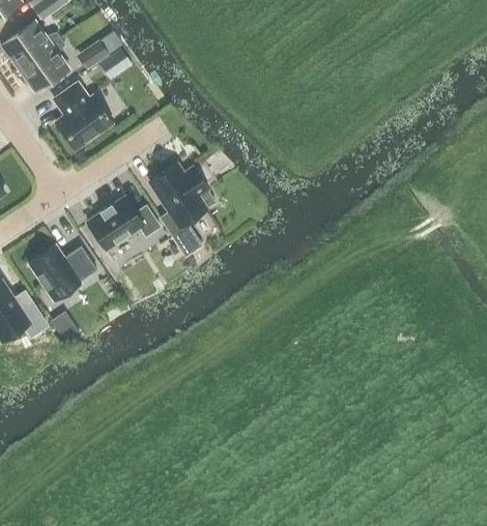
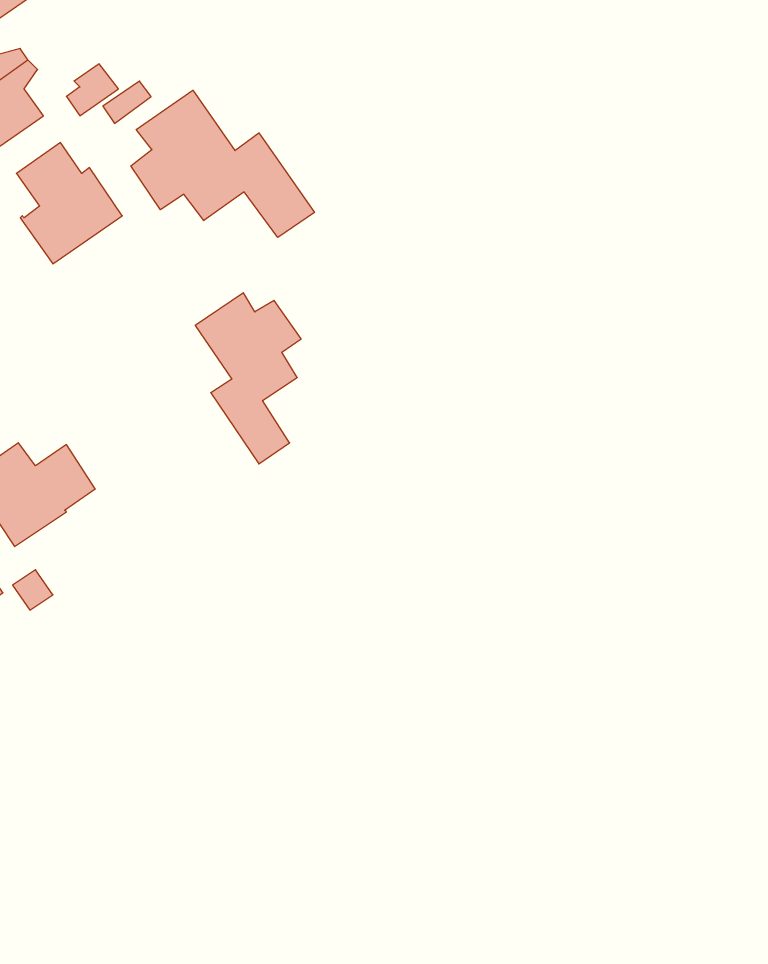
building: none -> [131,90,314,237]
building: [89,198,162,249] -> none

